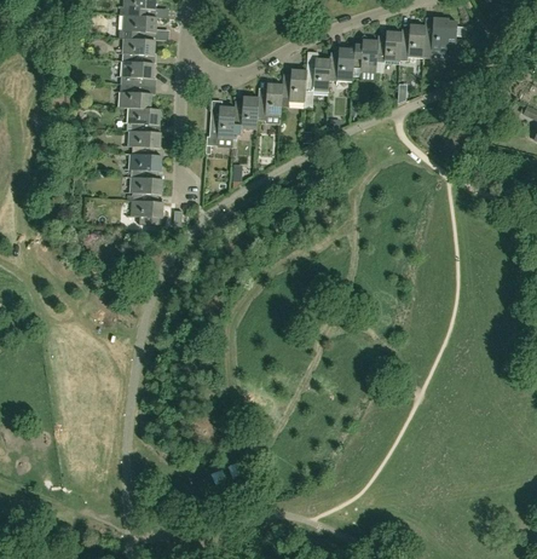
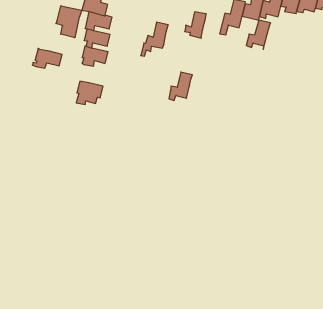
building: [281,68,307,105] -> [246,20,271,49]
building: [233,94,259,133] -> [169,72,192,101]
building: none -> [56,6,82,38]
building: [127,174,163,198] -> [32,48,62,68]

